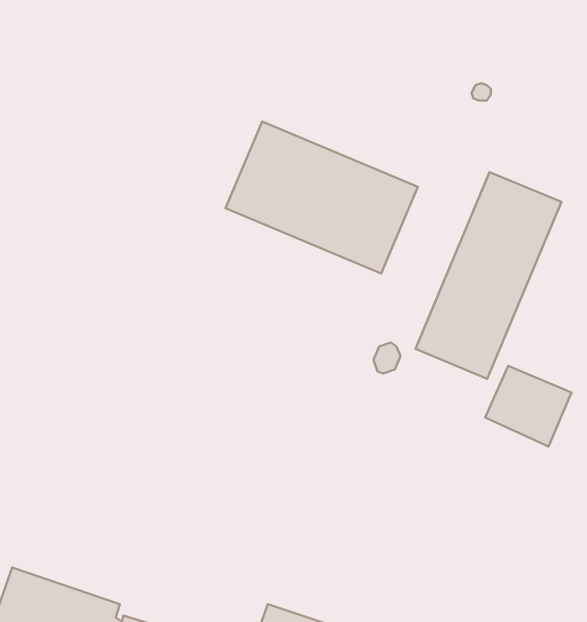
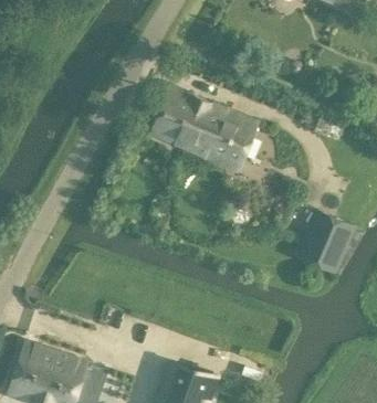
building: [415,172,561,379] -> none

